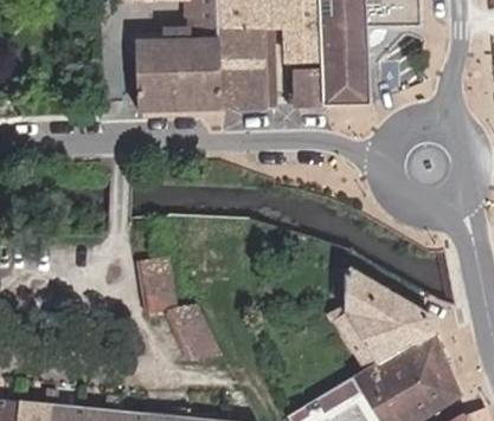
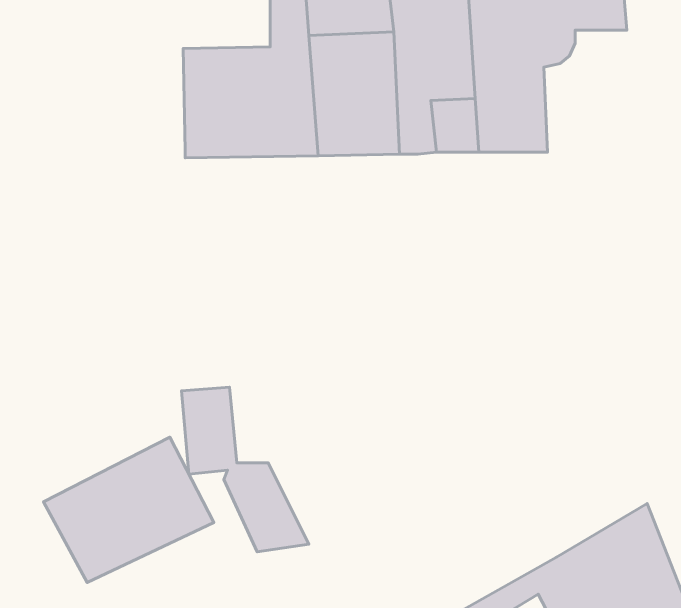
building: [344,268,432,364] -> none
building: none -> [44,437,214,583]

